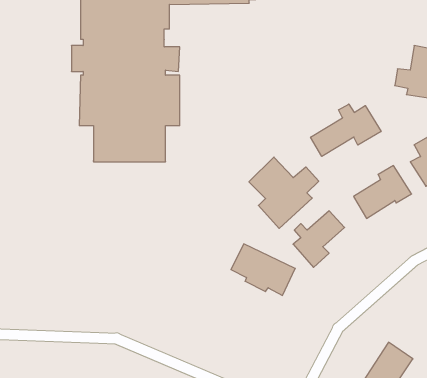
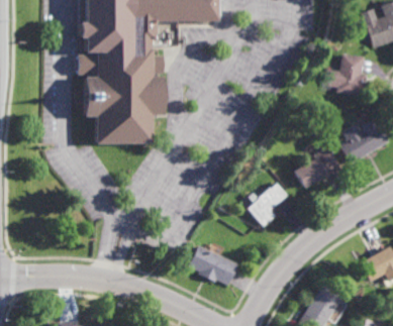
building: [311,104,381,156] -> none
building: [249,157,319,228] -> none
building: [231,244,295,295] -> [189,246,239,287]

